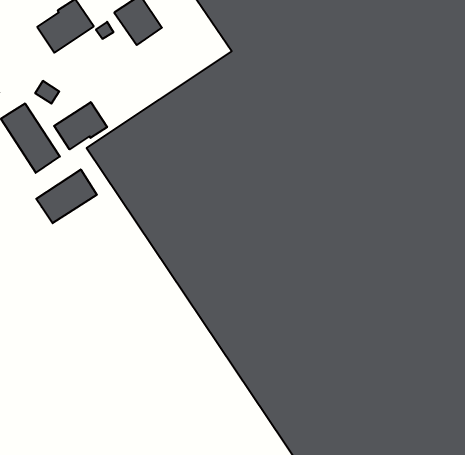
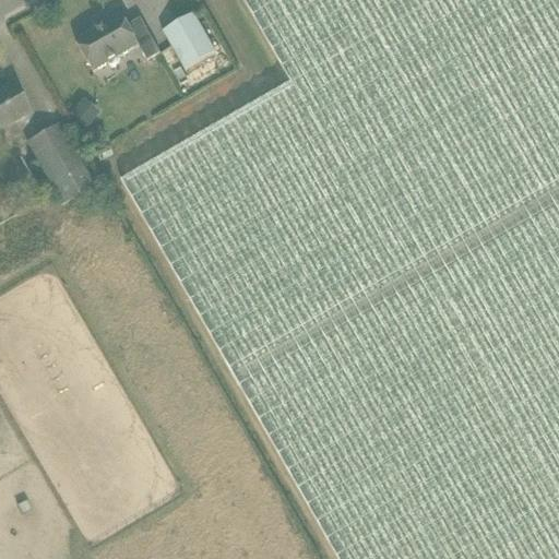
building: [54,102,107,149] -> none
building: [36,169,97,223] -> none

